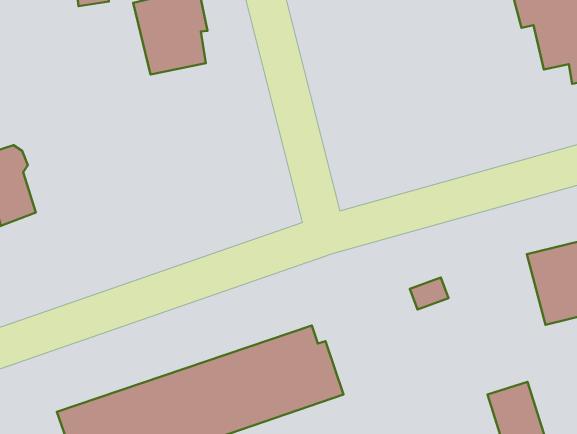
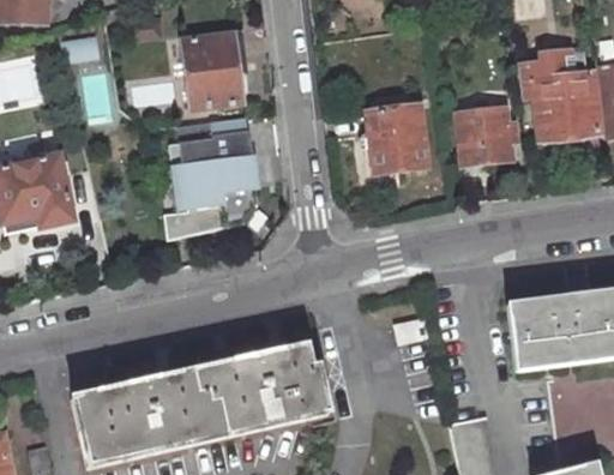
building: none -> [455,110,514,172]
building: none -> [367,107,427,174]
building: none -> [168,114,266,232]

